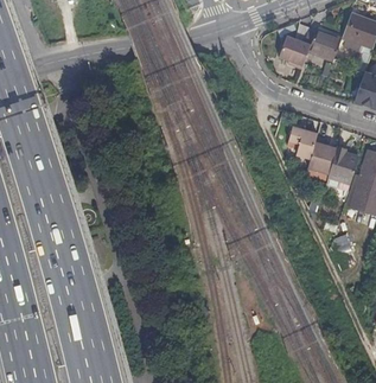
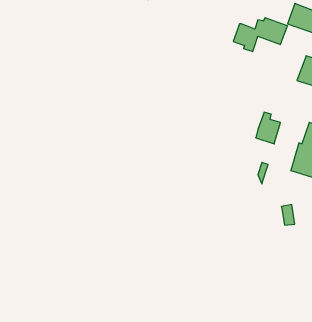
building: [288,125,316,157] -> none
building: [325,145,358,189] -> none

